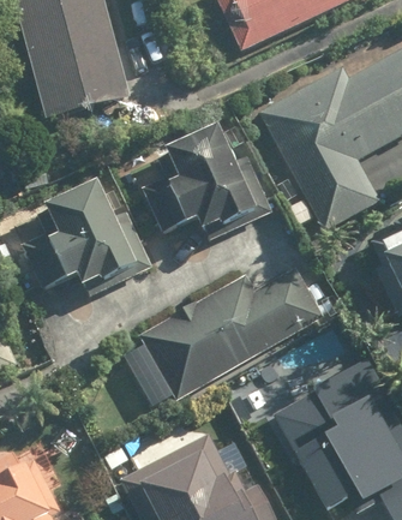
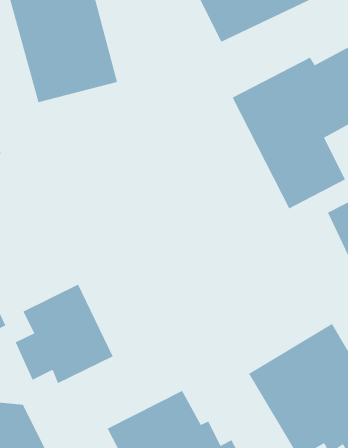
building: [140,122,260,233] -> none
building: [32,179,140,288] -> [15,284,113,384]
building: [127,264,324,400] -> none

